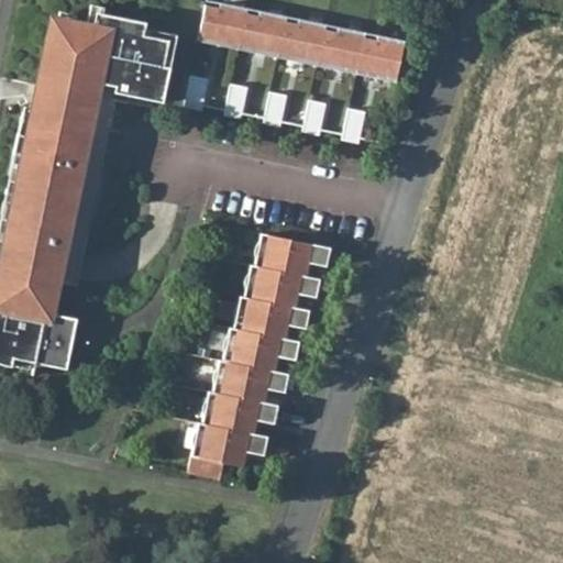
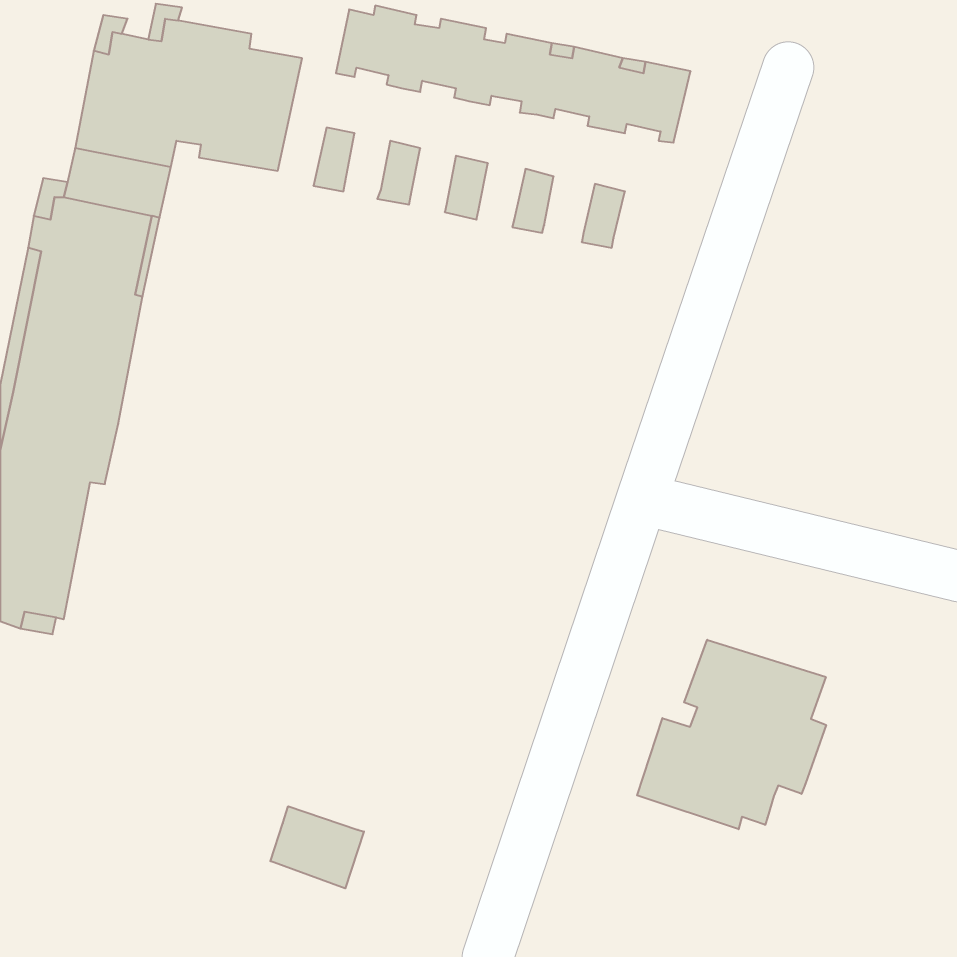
building: [183,233,329,478] -> none
building: [38,311,80,369] -> none
building: none -> [637,640,826,829]
building: none -> [270,806,364,888]

